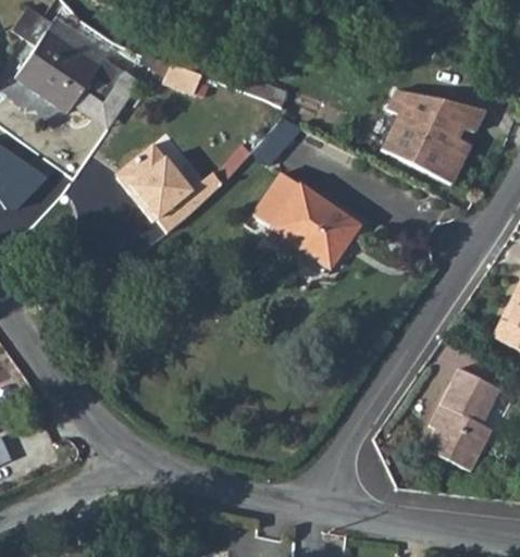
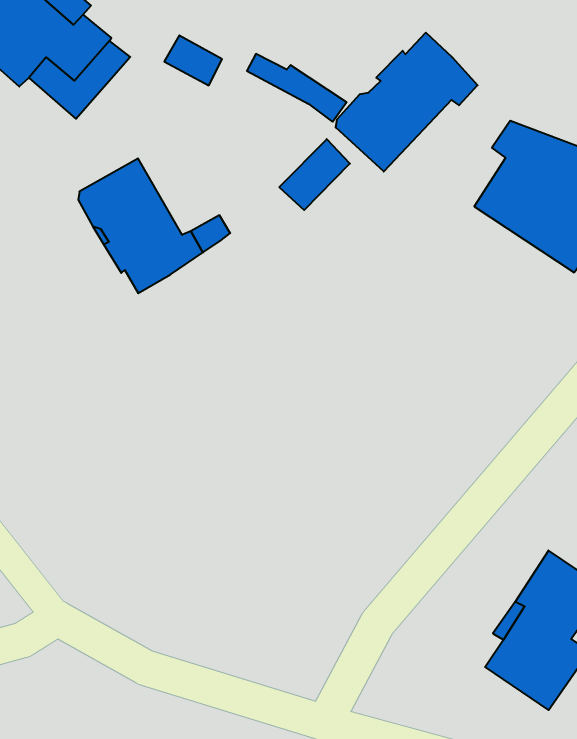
building: none -> [336,33,478,172]
building: [246,172,358,265] -> none

